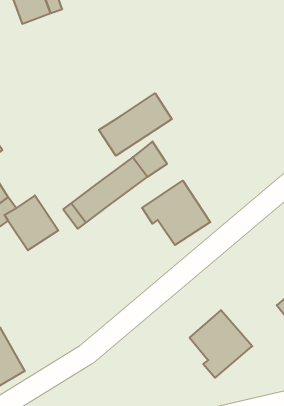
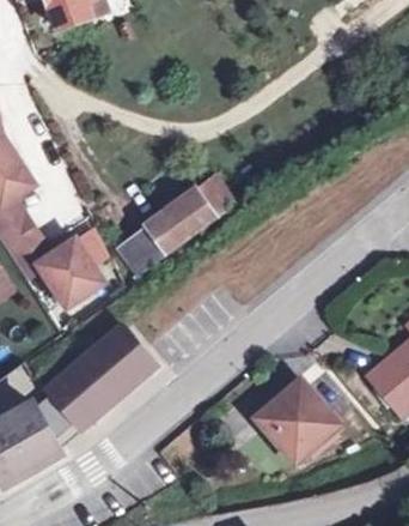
building: [99,93,172,156] -> none
building: [142,181,210,245] -> none
building: none -> [42,322,157,433]

